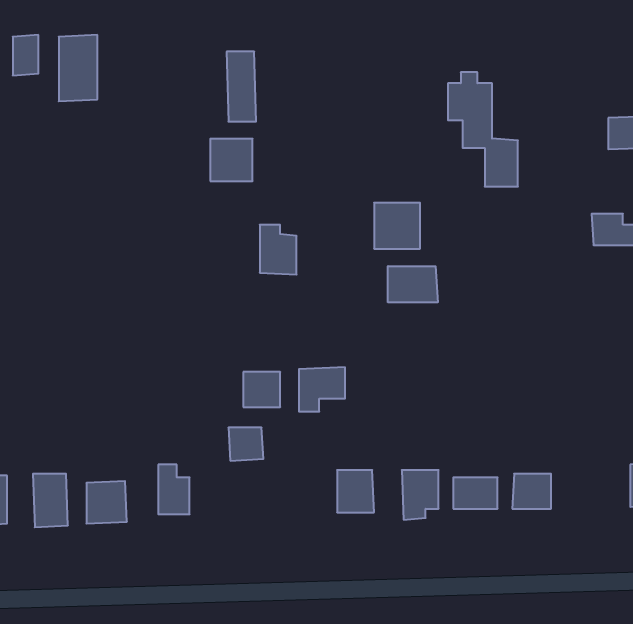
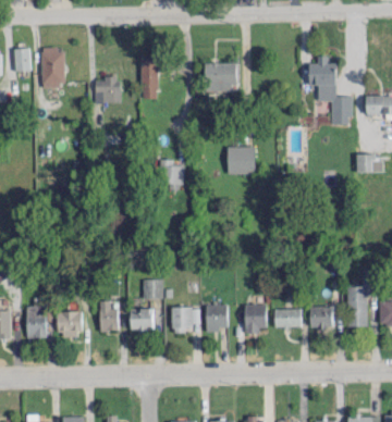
building: none -> [205,63,237,90]
building: [448,72,518,187] -> [309,57,351,124]
building: [210,139,253,181] -> [95,78,120,103]
building: [388,266,438,302] -> none
building: [299,367,345,412] -> [172,307,199,333]
building: [243,372,280,407] -> [131,309,152,330]
building: none -> [346,269,369,326]

